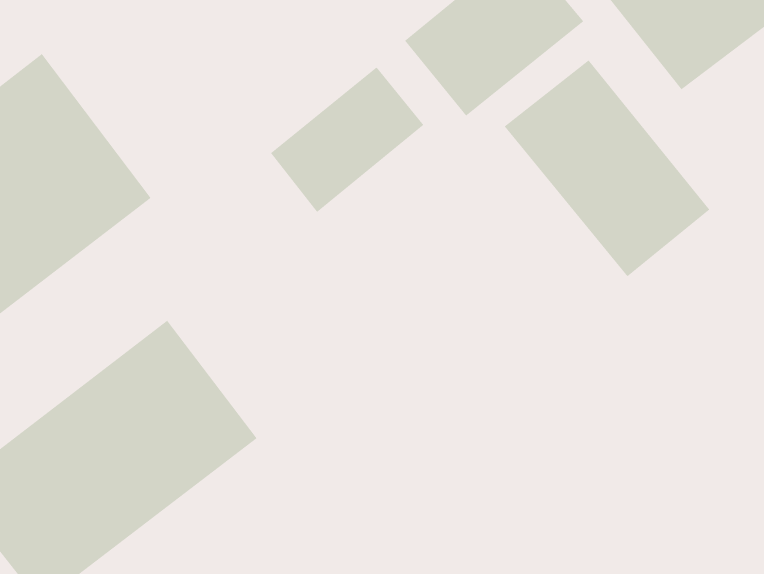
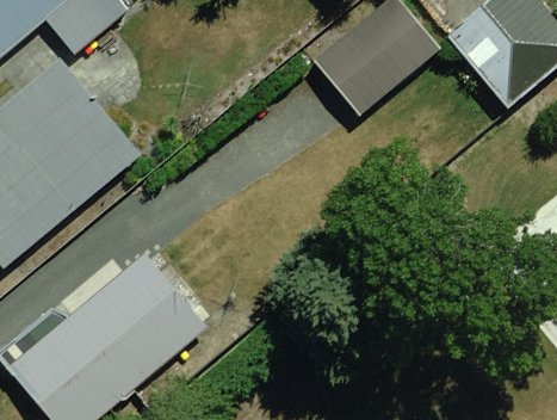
building: [504,60,710,277] -> none
building: [270,67,424,213] -> none

